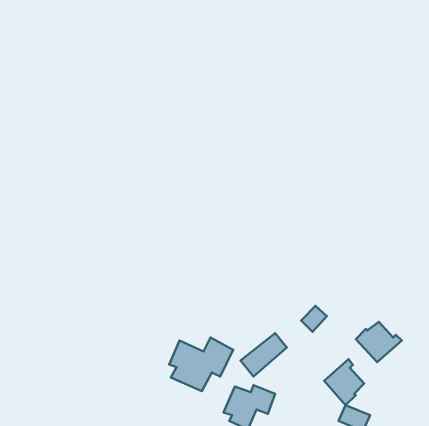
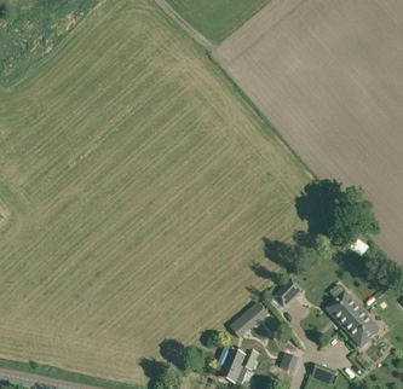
building: [169,338,233,391] -> none
building: [324,359,364,405] -> [344,308,378,347]

